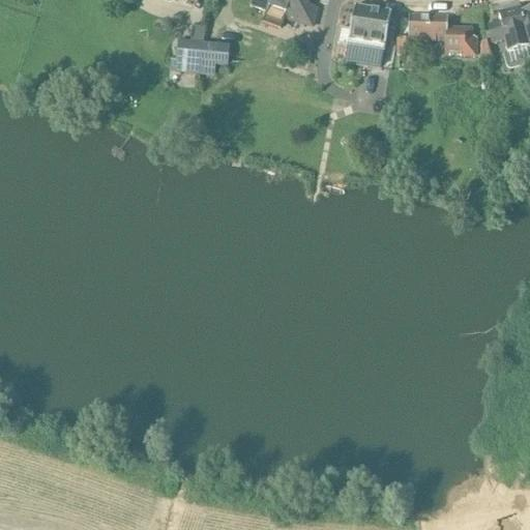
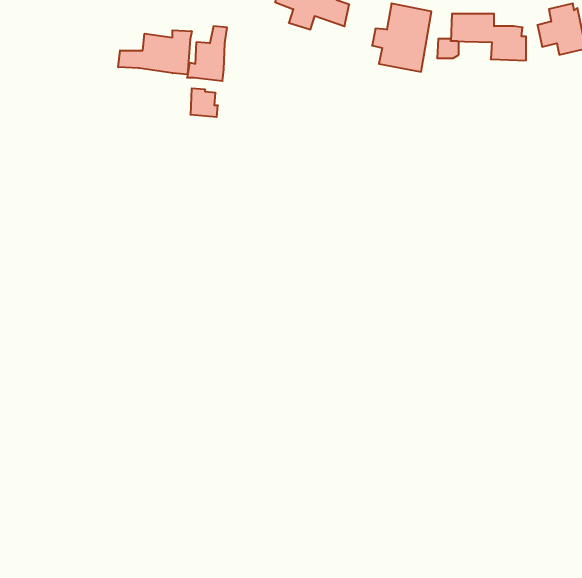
building: none -> [118,30,192,75]
building: [204,39,229,65] -> [190,88,218,117]

